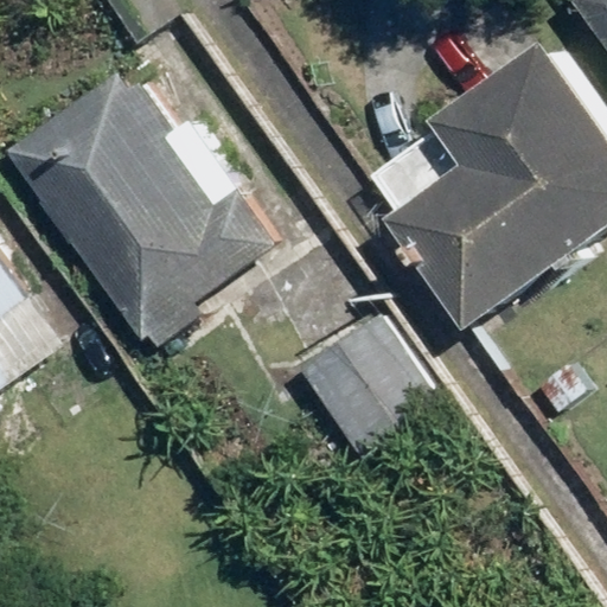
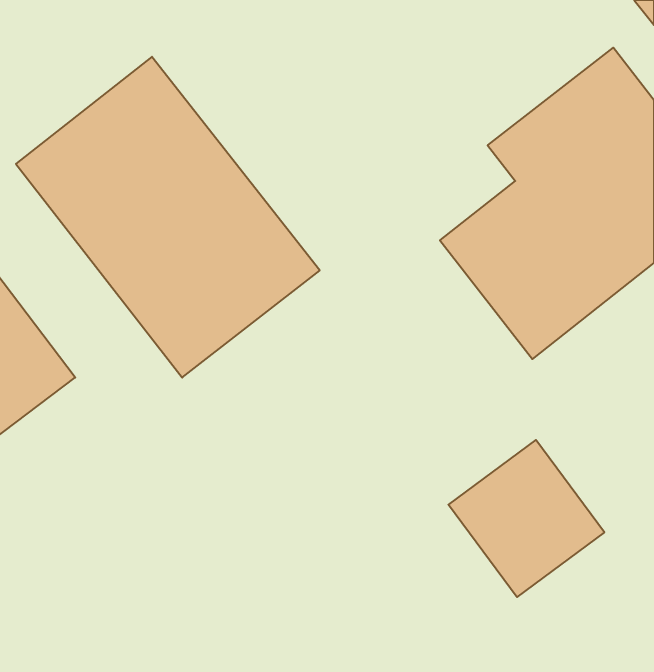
building: [299,318,439,459] -> [448,440,604,597]

